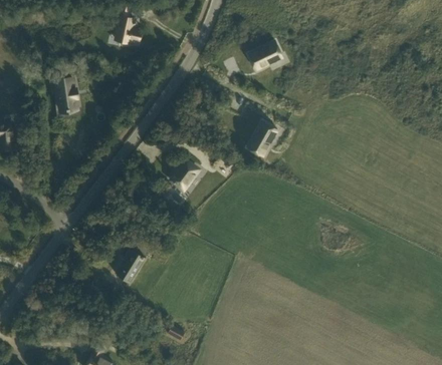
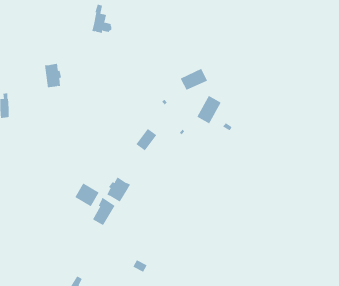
building: [247,42,282,70] -> [180,68,208,91]
building: none -> [106,176,131,203]
building: none -> [74,182,100,207]

